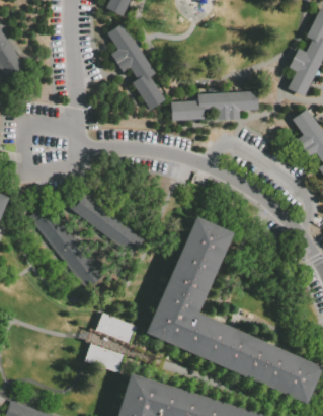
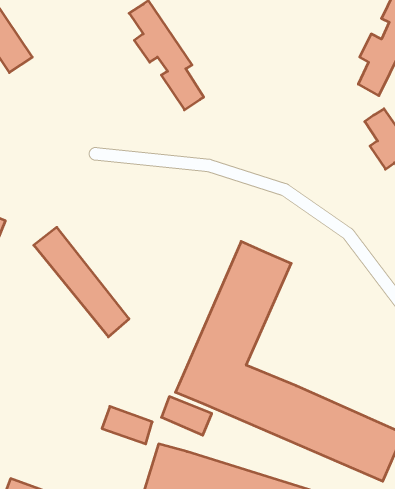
building: [169,91,256,122] -> none
building: [75,194,146,254] -> none
building: [95,313,135,343] -> [161,397,212,435]

